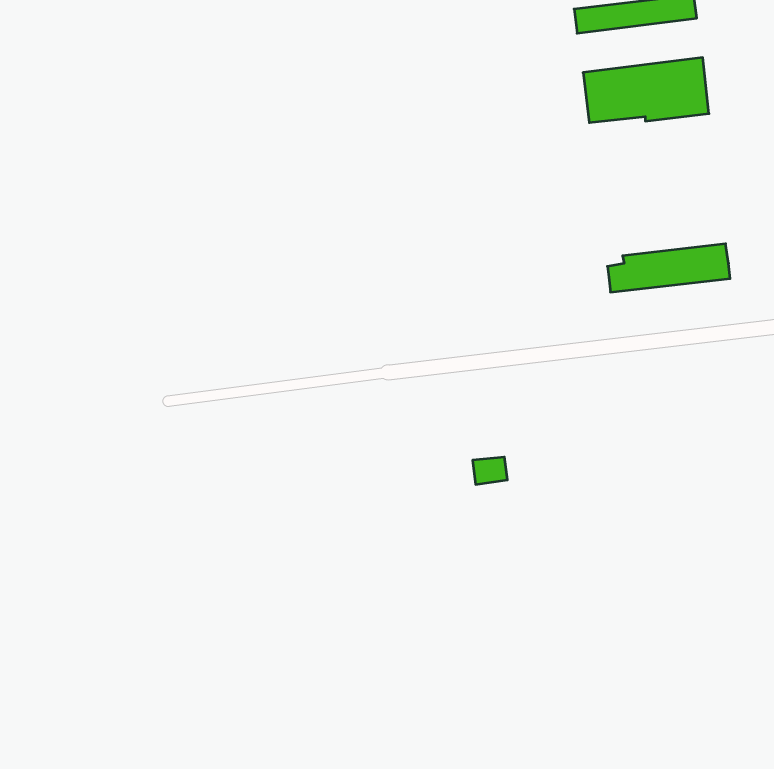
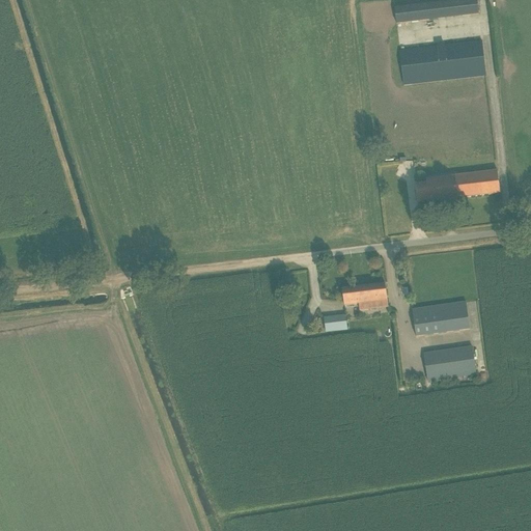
building: none -> [342,281,387,308]
building: none -> [413,300,470,334]
building: none -> [423,343,476,379]

